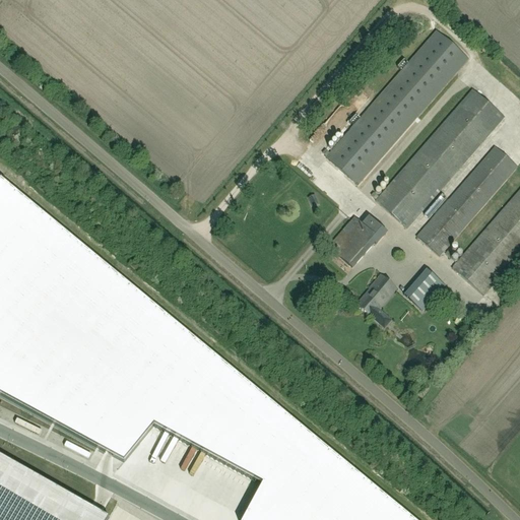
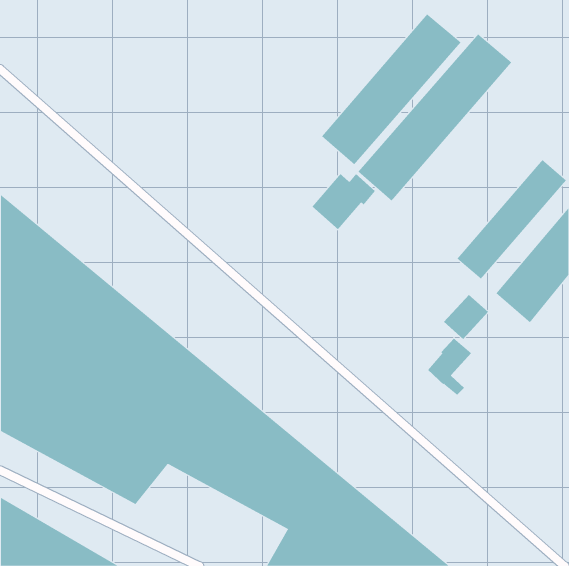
building: [376,88,504,226] -> [321,14,461,165]
building: [328,215,387,267] -> [311,173,376,230]
building: [356,273,397,326] -> [427,338,472,396]

